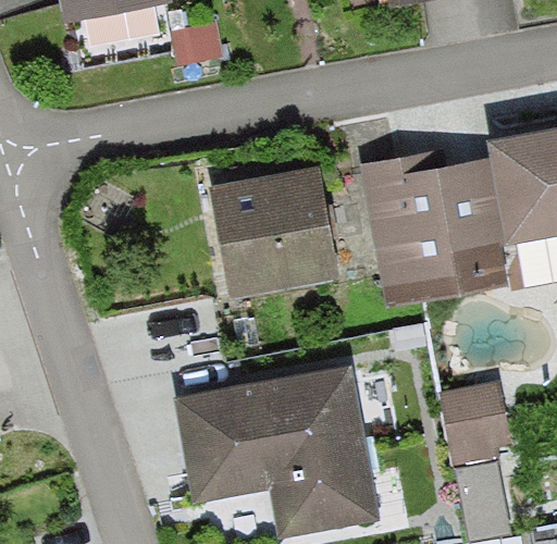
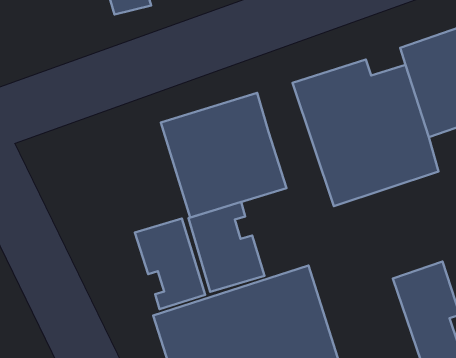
building: none -> [188,202,264,292]
building: none -> [135,218,205,309]

